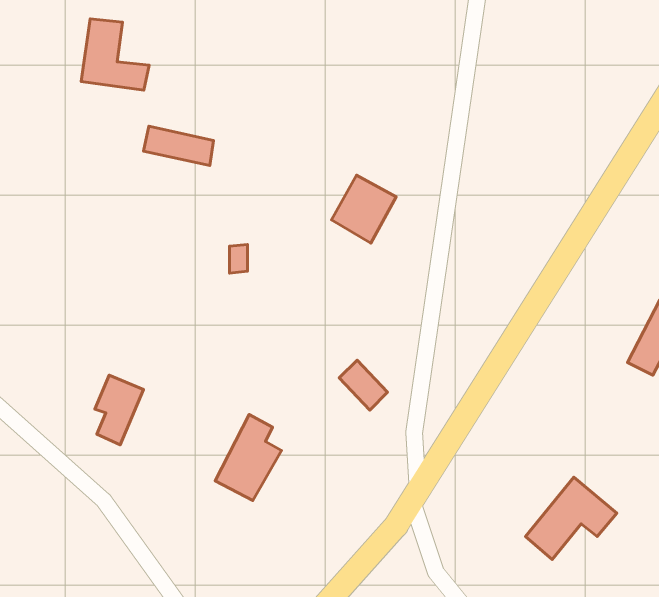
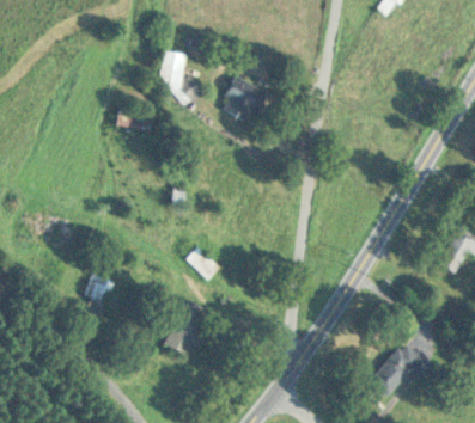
building: [81,19,149,90] -> [157,51,202,99]
building: [331,175,396,243] -> [219,78,262,123]
building: [339,360,388,410] -> [185,247,218,281]

